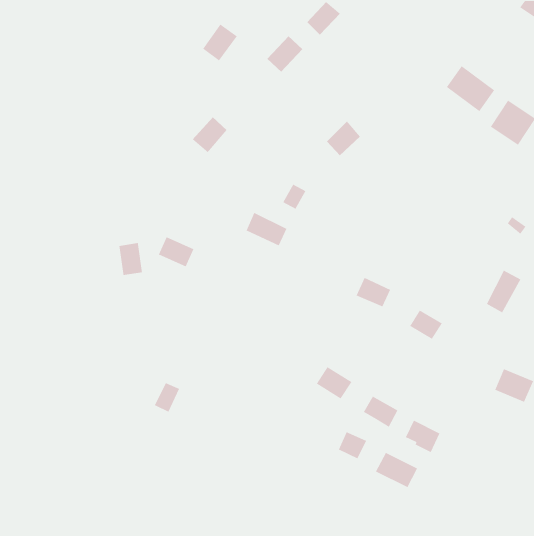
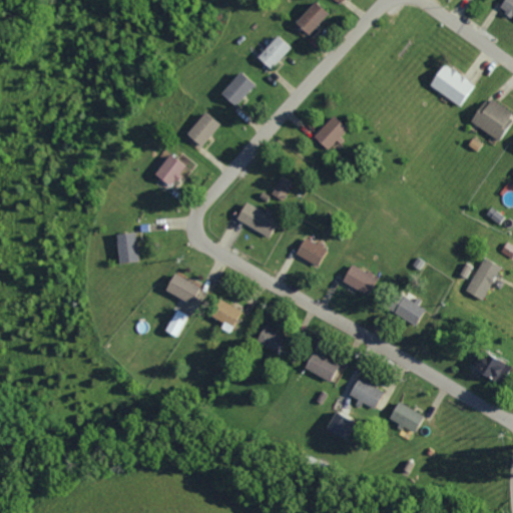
building: [202,24,238,61] -> [220,70,254,106]
building: none -> [154,153,187,186]
building: [158,236,195,268] -> [164,273,199,303]
building: none -> [296,236,327,265]
building: none -> [209,298,242,334]
building: none -> [256,325,288,353]
building: [154,382,180,413] -> [164,309,189,338]
building: [375,452,418,488] -> none

